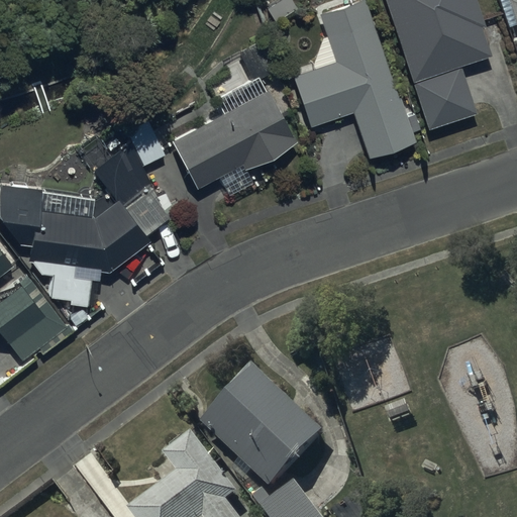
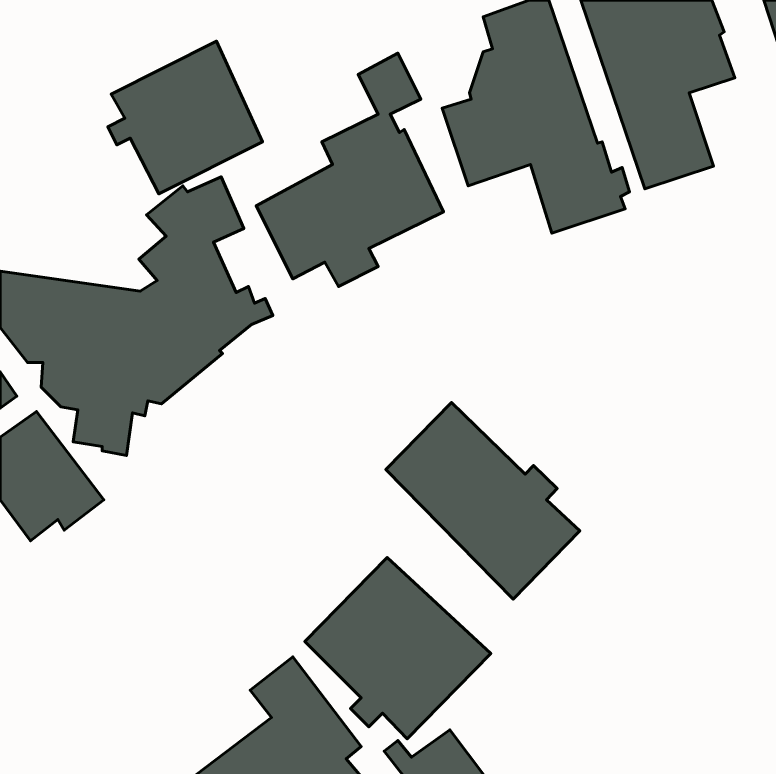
building: none -> [108,41,262,194]
building: none -> [386,403,580,599]

